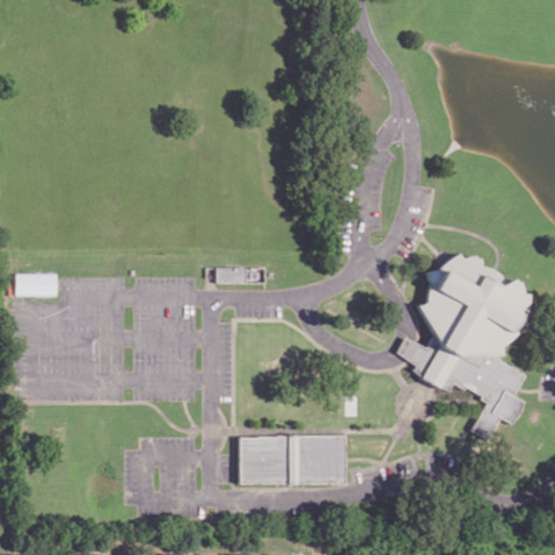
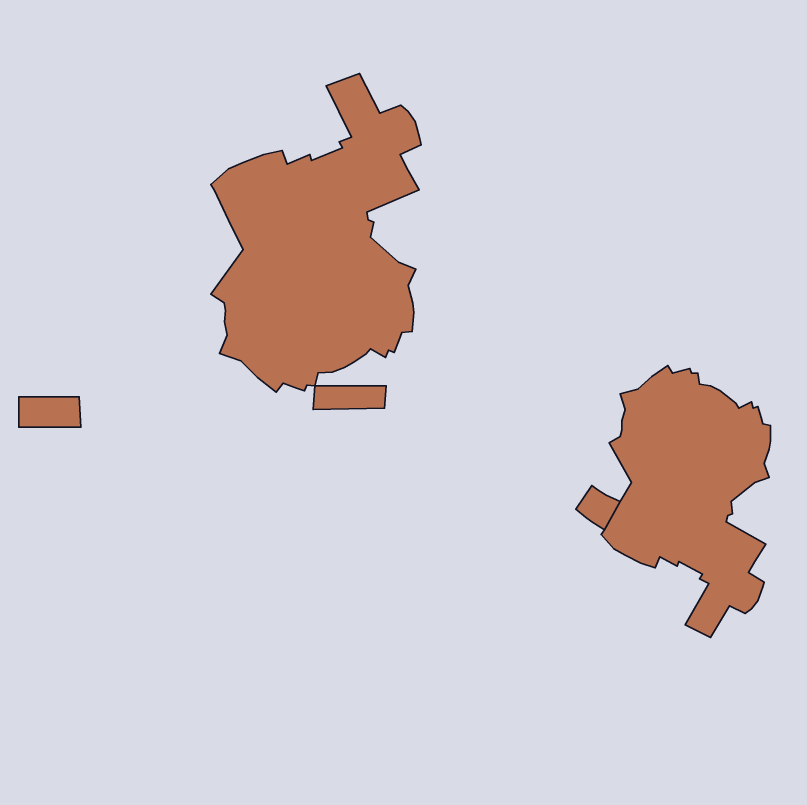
building: none -> [211,73,421,392]
building: [240,435,345,482] -> none

